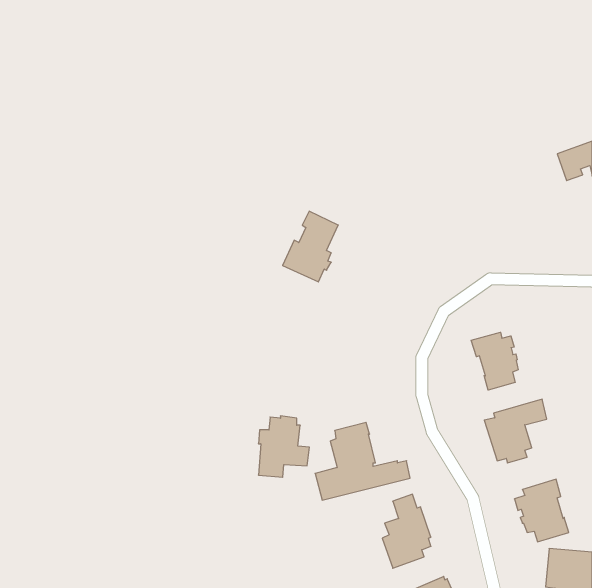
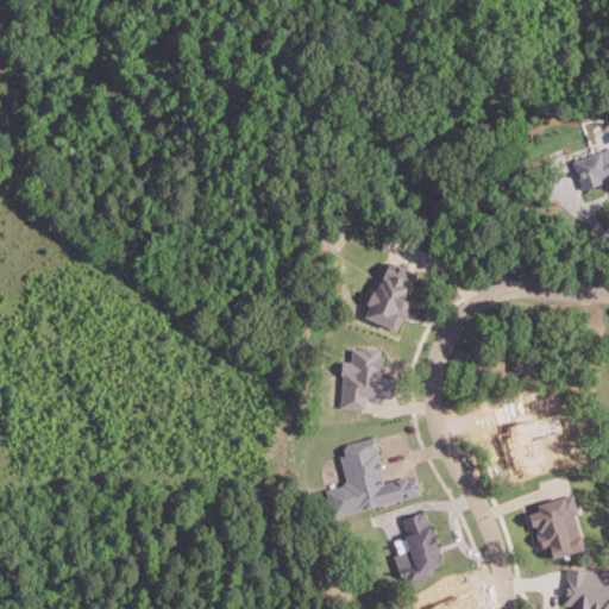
building: [283,211,338,282] -> [359,259,416,332]
building: [471,332,518,390] -> none
building: [258,416,309,477] -> [339,349,391,412]

